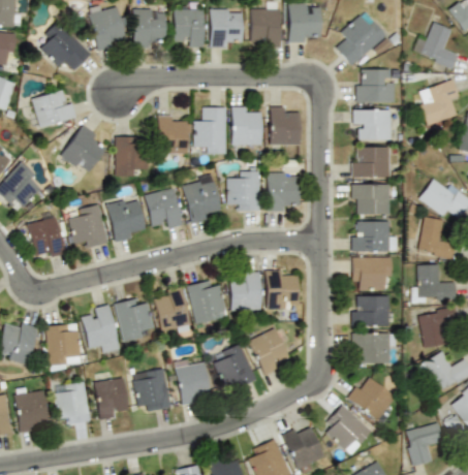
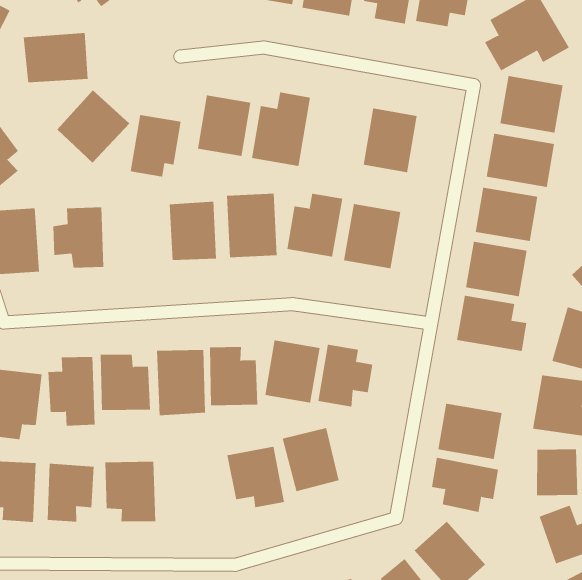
building: [231,106,262,146] -> none
building: [106,196,148,242] -> none
building: [352,257,393,290] -> none
building: [174,357,211,406] -> none

